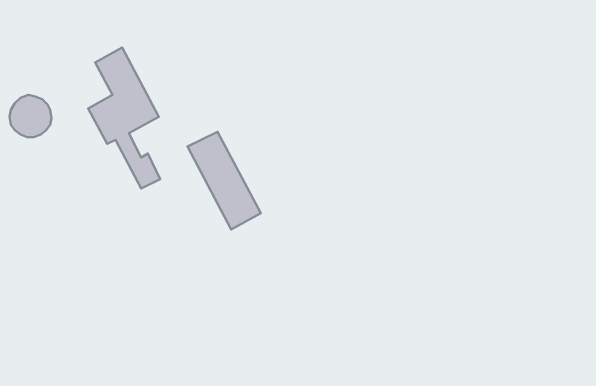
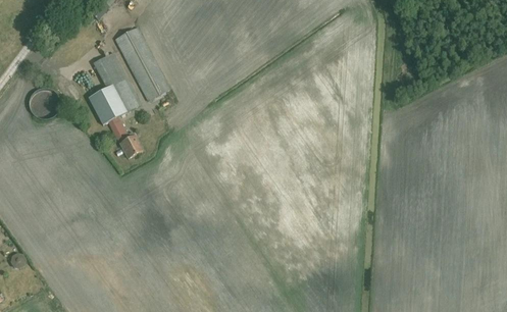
building: [188,132,261,229] -> [114,28,169,101]

